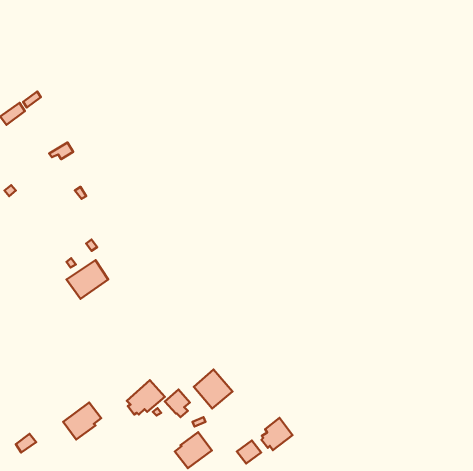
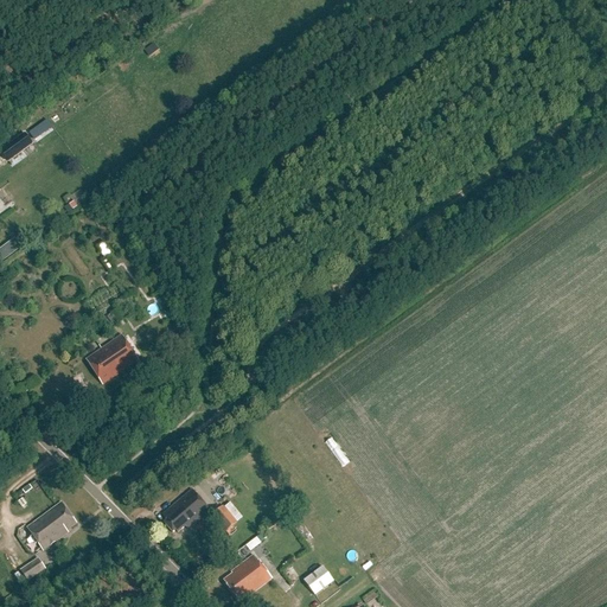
building: [194,370,232,409] -> none
building: [63,402,101,440] -> [27,501,76,549]
building: [261,418,292,450] -> none

